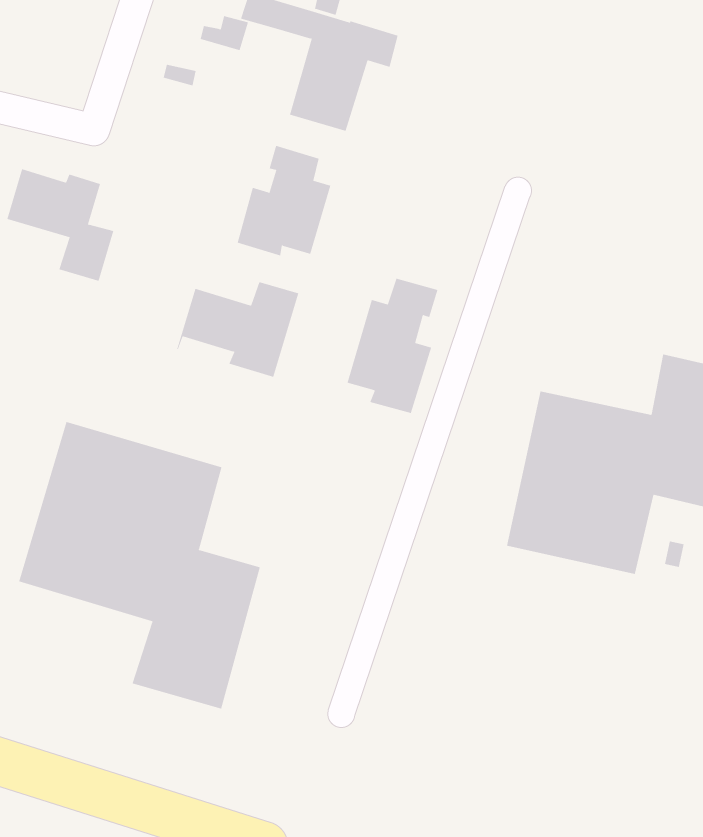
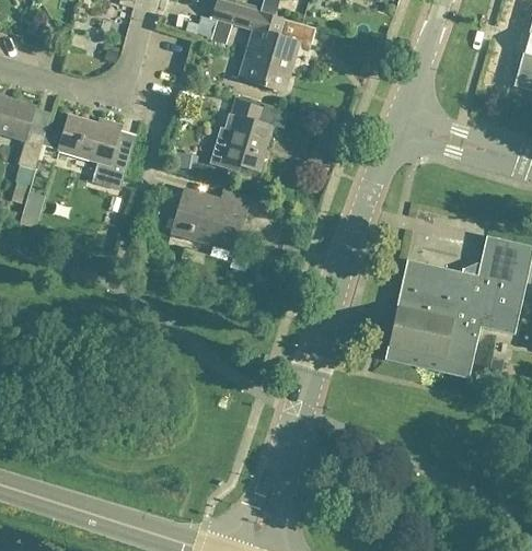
building: [347,278,438,414] -> none
building: [19,421,261,710] -> none

